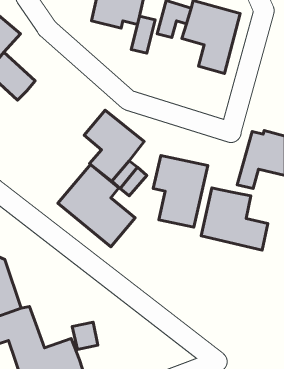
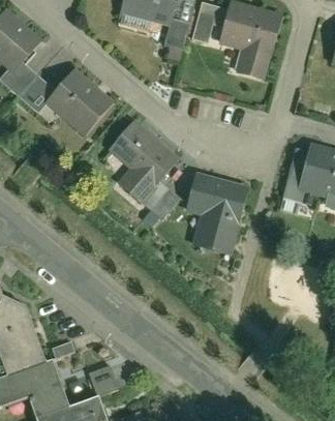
building: none -> [44,70,112,137]
building: [58,164,135,247] -> none
building: [201,188,268,250] -> none

